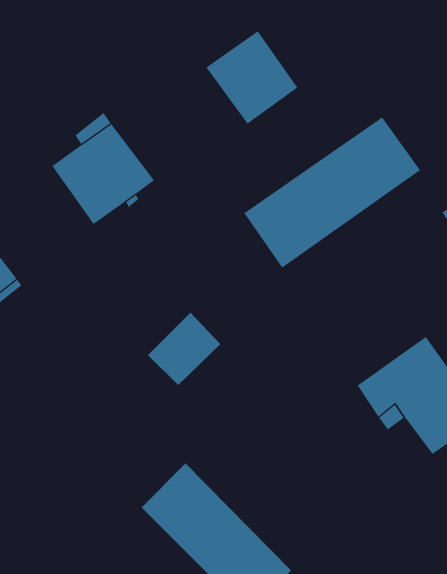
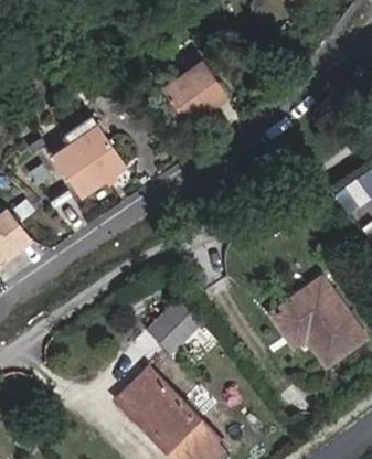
building: [244,117,421,269] -> none
building: [147,312,221,386] -> [148,299,201,352]

